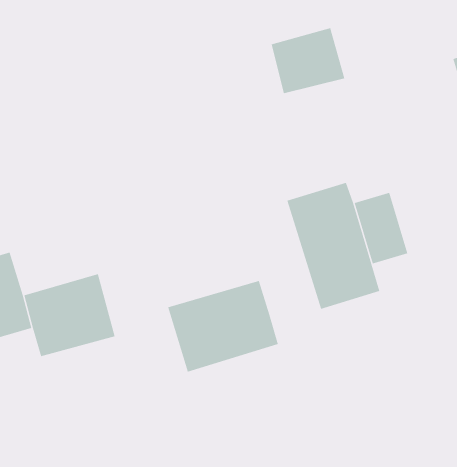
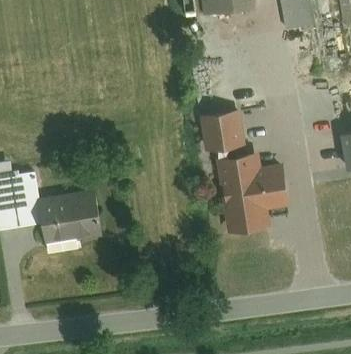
building: [271,27,345,94] -> [199,110,244,149]
building: [167,280,279,373] -> none

